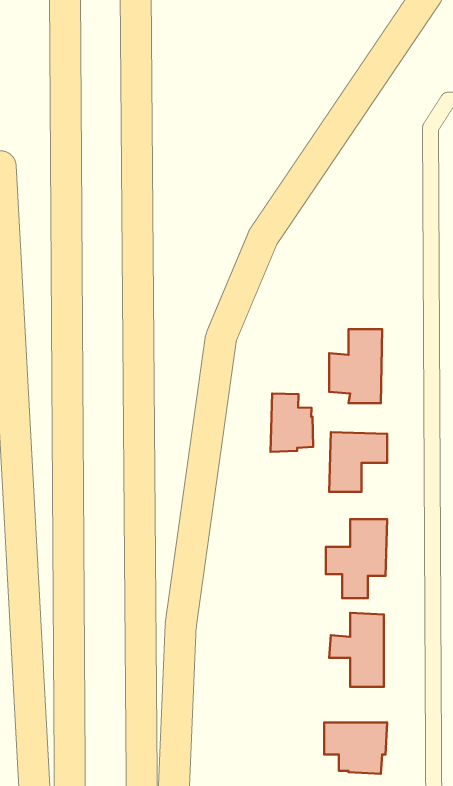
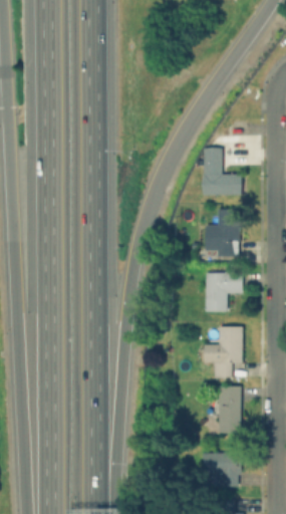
building: none -> [204,150,242,195]
building: [271,393,313,452] -> none

